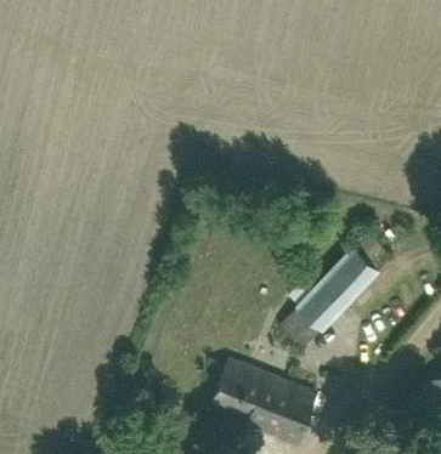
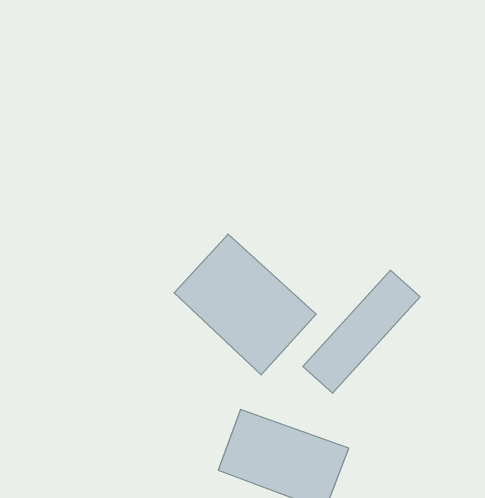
building: none -> [174,234,316,375]

